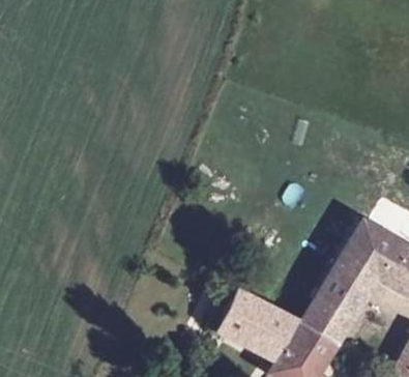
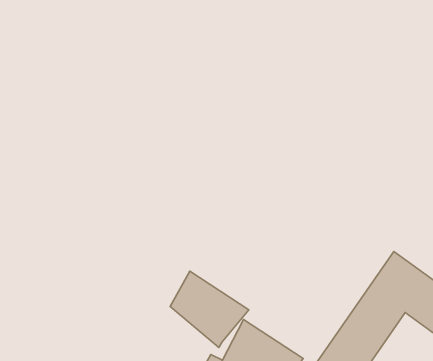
building: none -> [170,271,249,347]

